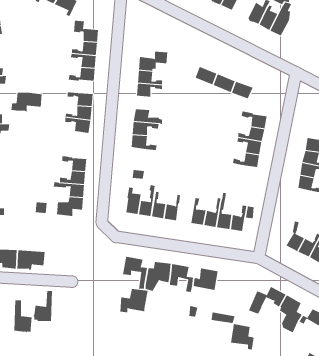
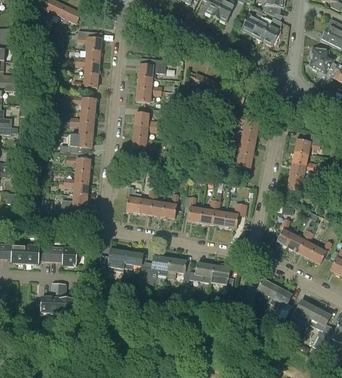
building: [11,92,43,112] -> [62,133,92,152]
building: none -> [50,246,77,265]
building: [120,288,148,313] -> [99,248,126,271]
building: [13,300,33,333] -> [57,282,75,313]
building: [230,323,255,350] -> [210,264,233,289]

